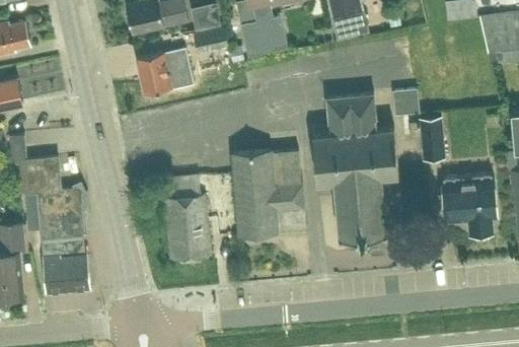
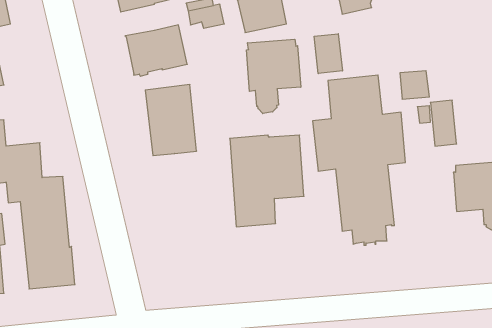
building: none -> [314,34,342,74]
building: none -> [247,39,301,114]
building: [163,193,211,259] -> [145,85,197,156]

